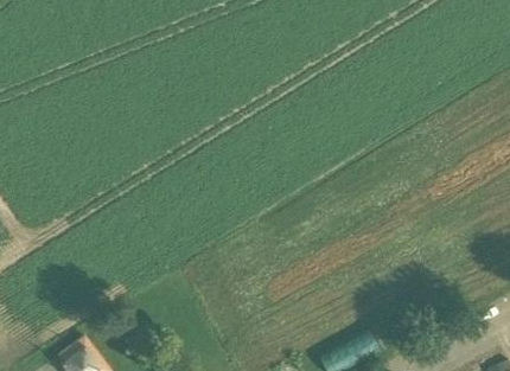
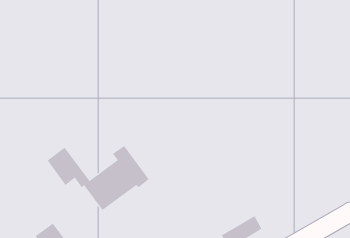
building: none -> [47,145,150,211]

